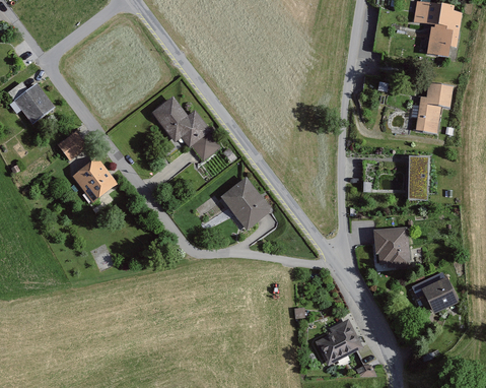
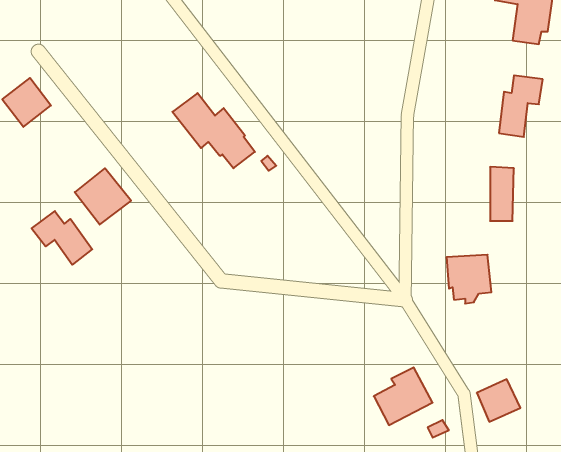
building: [58,130,89,160] -> none
building: [221,177,271,229] -> none
building: none -> [32,211,92,265]
building: [422,278,458,313] -> [477,379,520,422]

